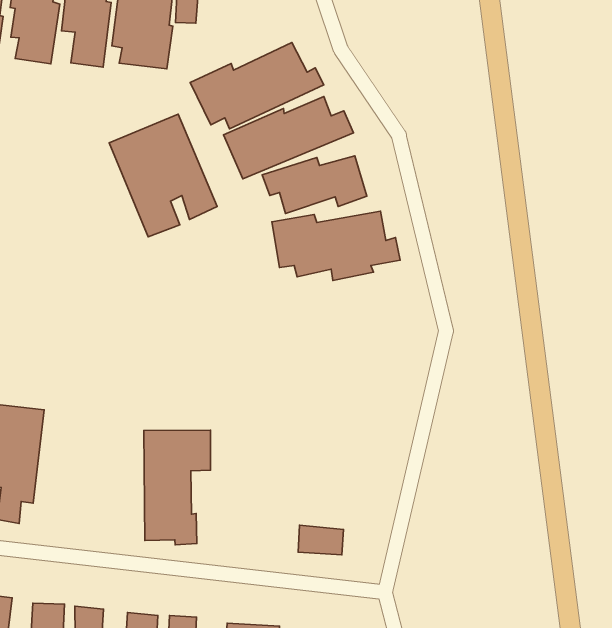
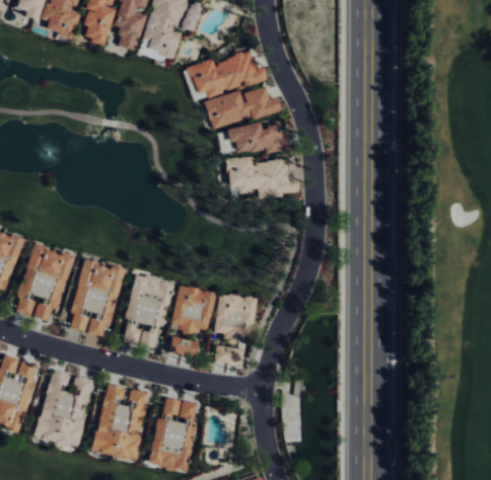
building: [109,114,217,237] -> none
building: none -> [71,260,122,336]
building: none -> [171,286,215,334]
building: none -> [215,294,257,340]
building: none -> [170,338,199,355]

